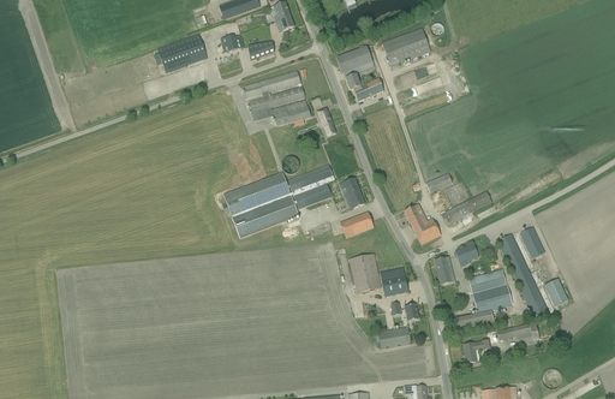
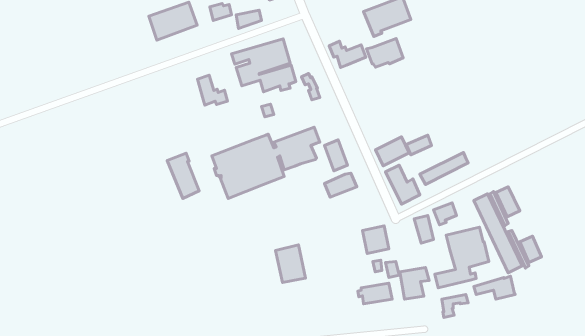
building: [335,47,374,77] -> [366,38,403,67]
building: none -> [197,75,227,105]
building: none -> [375,137,409,166]
building: none -> [167,153,199,198]
building: [350,254,381,293] -> [276,245,306,283]
building: none -> [400,267,429,299]

